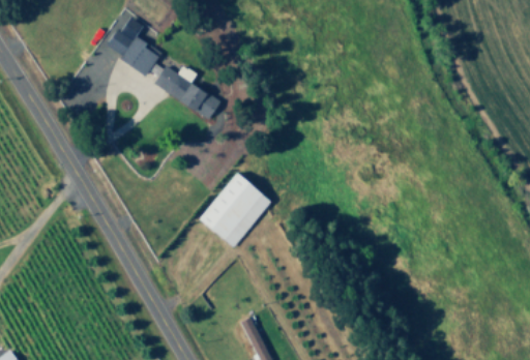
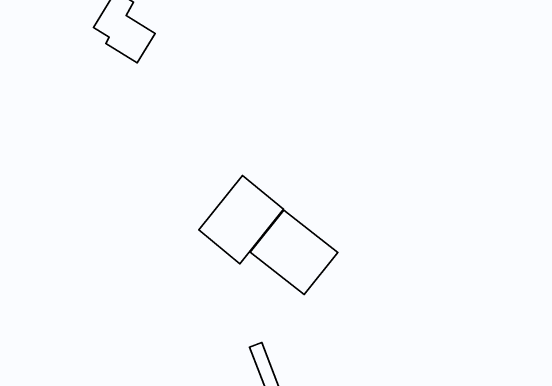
building: [153,64,219,119] -> none
building: none -> [250,210,338,295]

